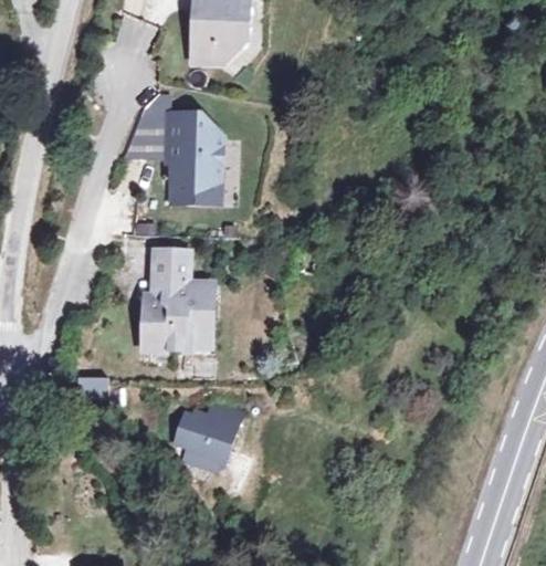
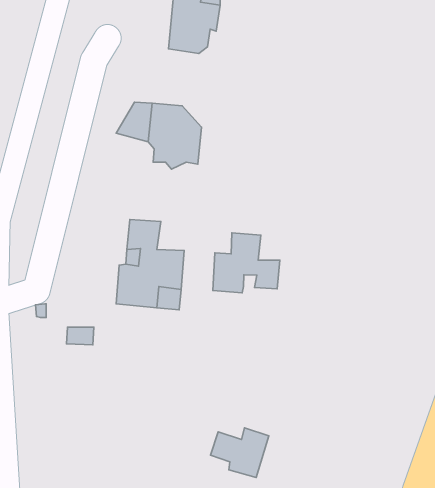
building: none -> [213,233,280,293]
building: [172,411,239,468] -> [210,428,269,477]

